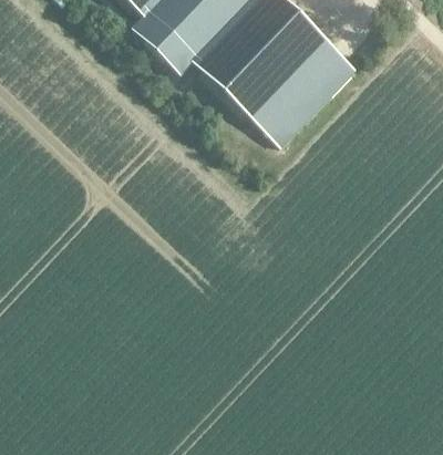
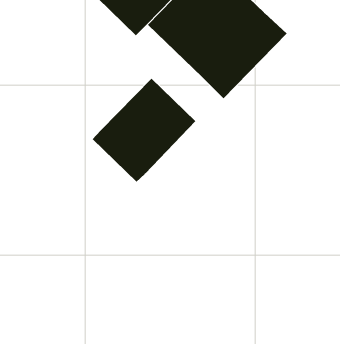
building: none -> [92,78,196,183]

